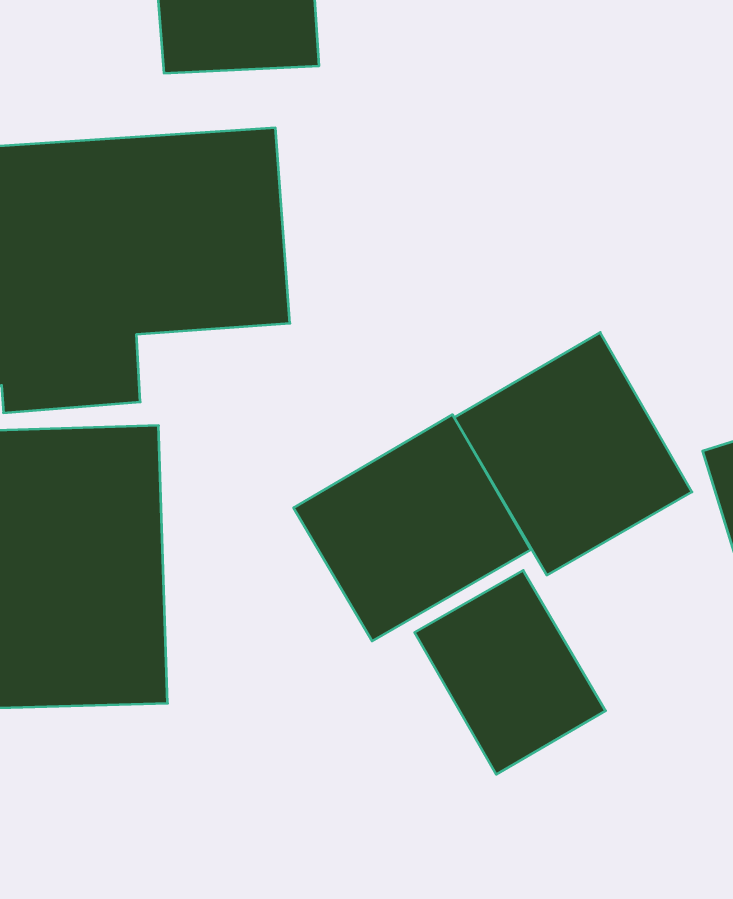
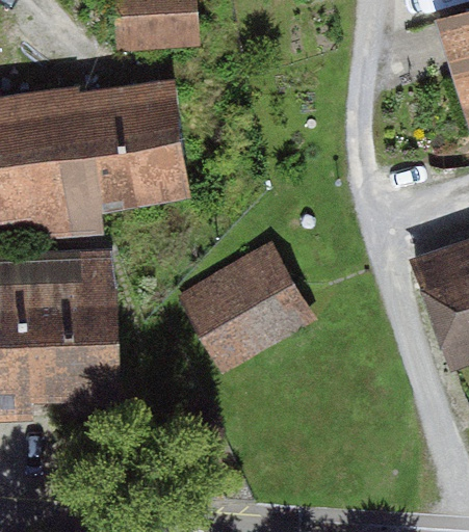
building: [454,332,692,575] -> none
building: [415,570,606,774] -> none

